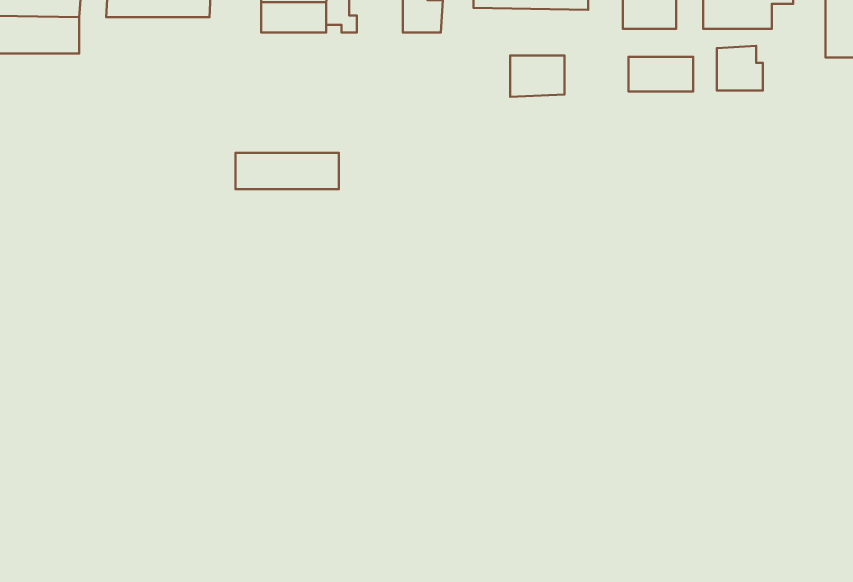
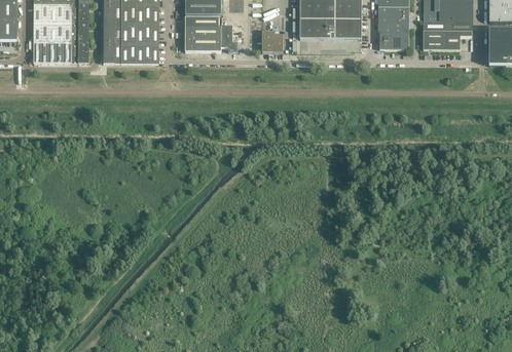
building: [717,46,763,90] -> none
building: [510,56,564,97] -> none
building: [629,57,693,92] -> none
building: [236,153,339,189] -> [103,43,158,63]

